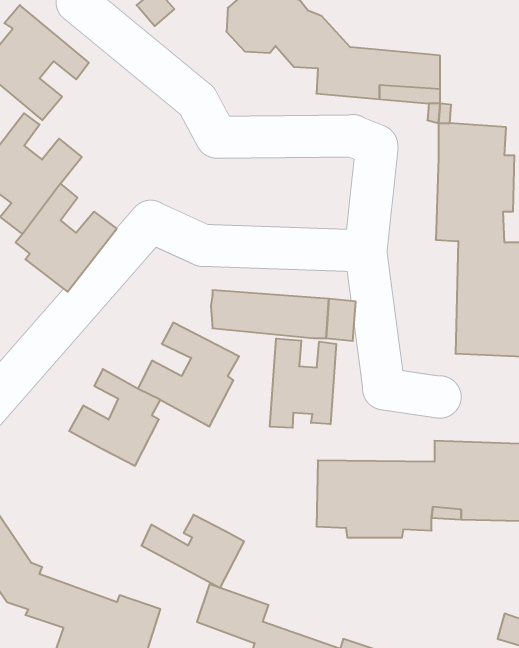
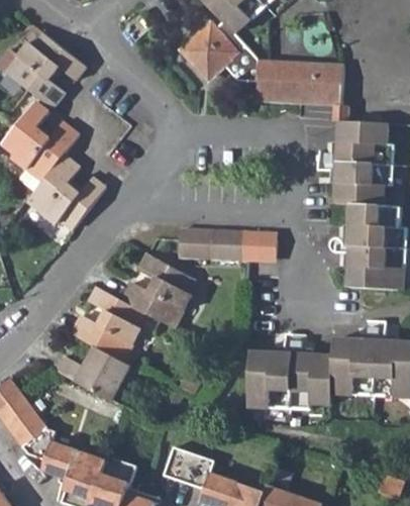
building: [270,338,336,428] -> none
building: [141,515,244,588] -> [58,348,131,401]

